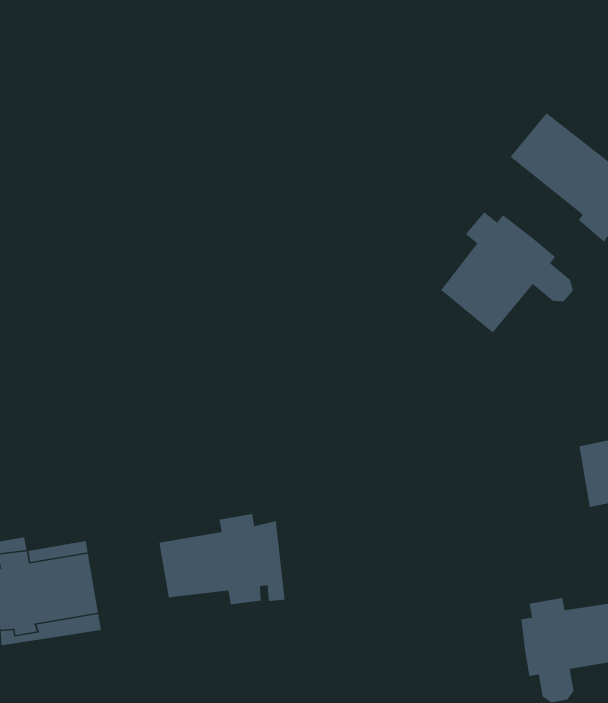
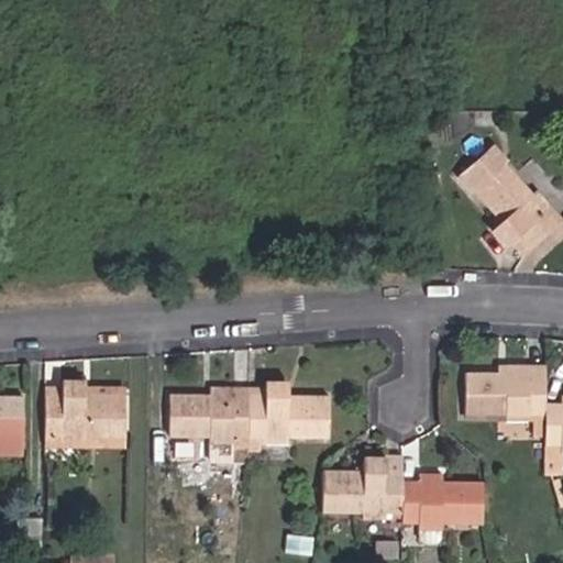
building: [440,211,574,334] -> none
building: none -> [247,383,327,448]
building: none -> [325,457,408,532]

